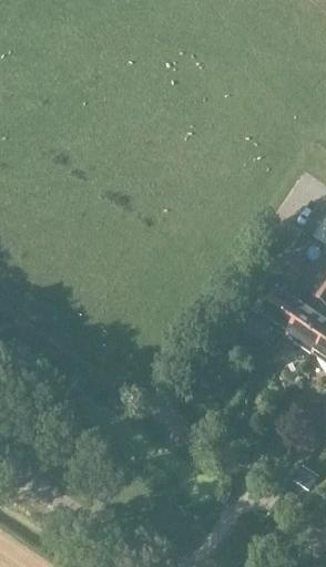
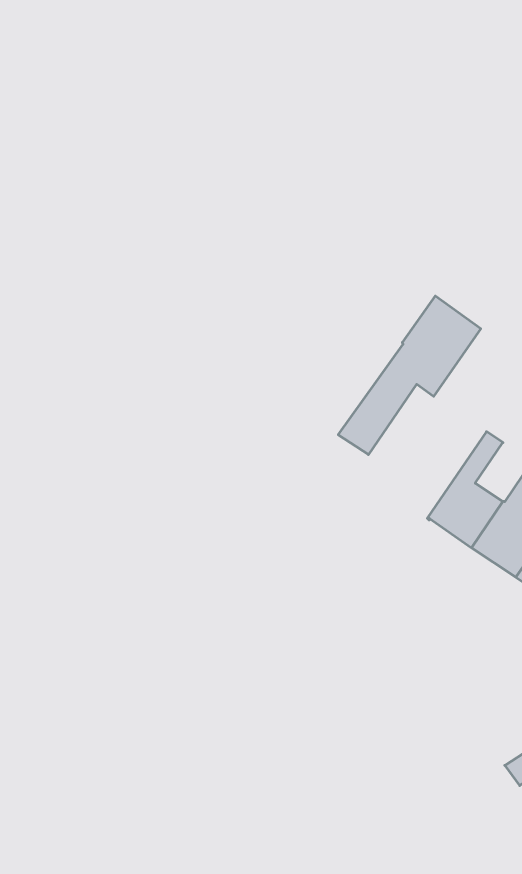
building: none -> [338,296,481,455]

